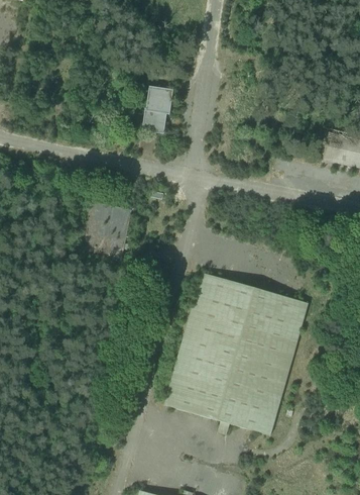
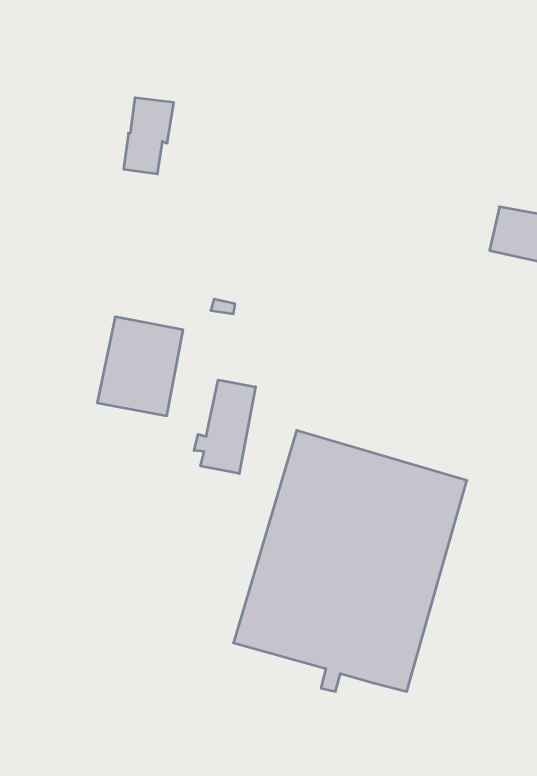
building: [142,85,173,132] -> [124,98,174,174]
building: none -> [194,380,256,474]

